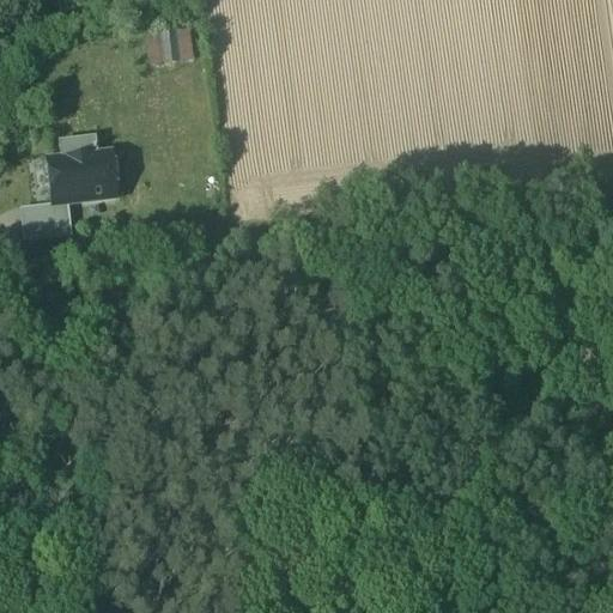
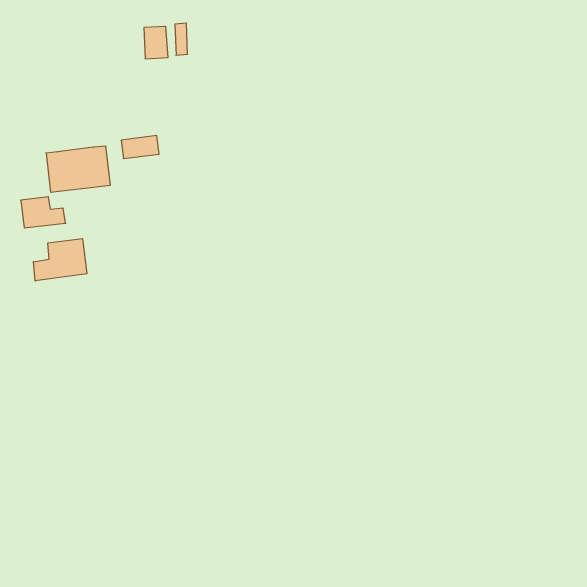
building: [59,135,98,159] -> [121,136,159,159]
building: none -> [33,239,87,281]

